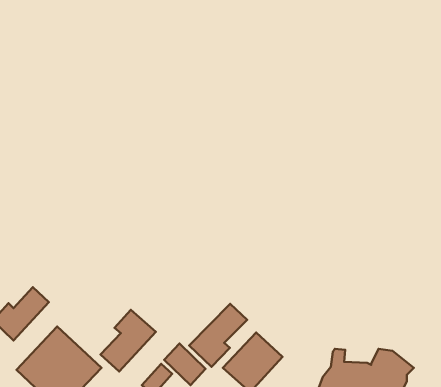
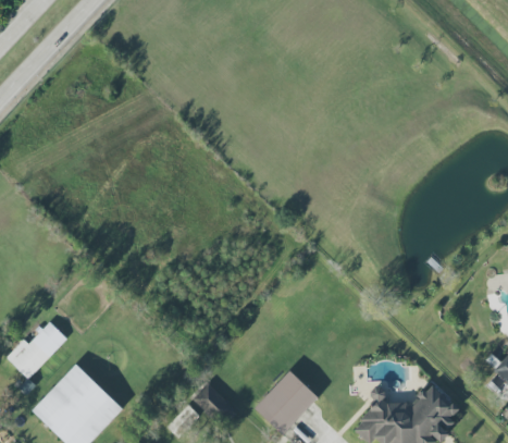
building: [189,304,247,367] -> none
building: [101,310,156,371] -> none

